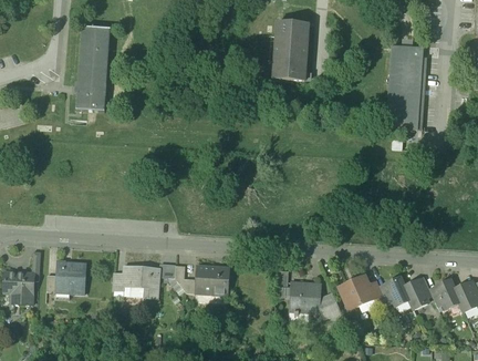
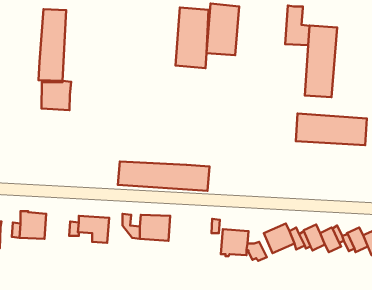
building: none -> [285,5,310,45]
building: none -> [175,7,209,68]
building: none -> [41,81,71,110]
building: none -> [296,114,367,145]
building: none -> [118,161,209,191]

